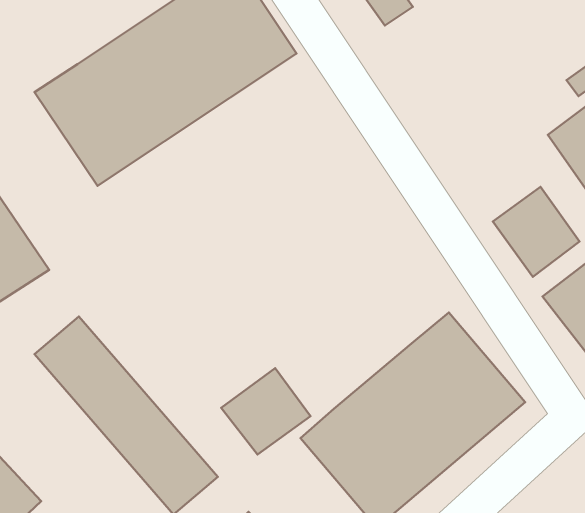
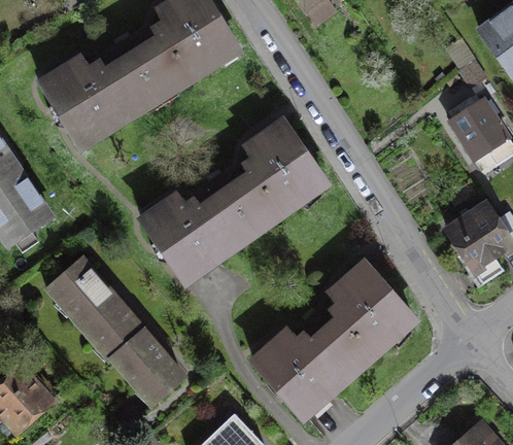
building: none -> [147,115,332,282]
building: [493,187,580,277] -> none
building: [221,368,310,454] -> none

